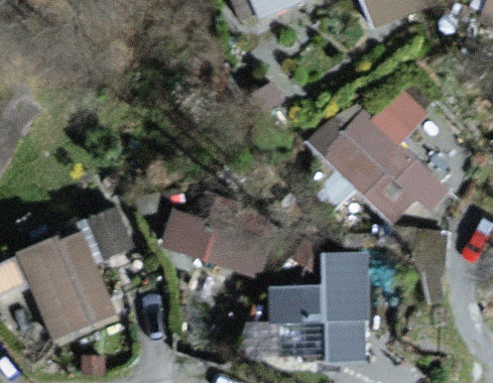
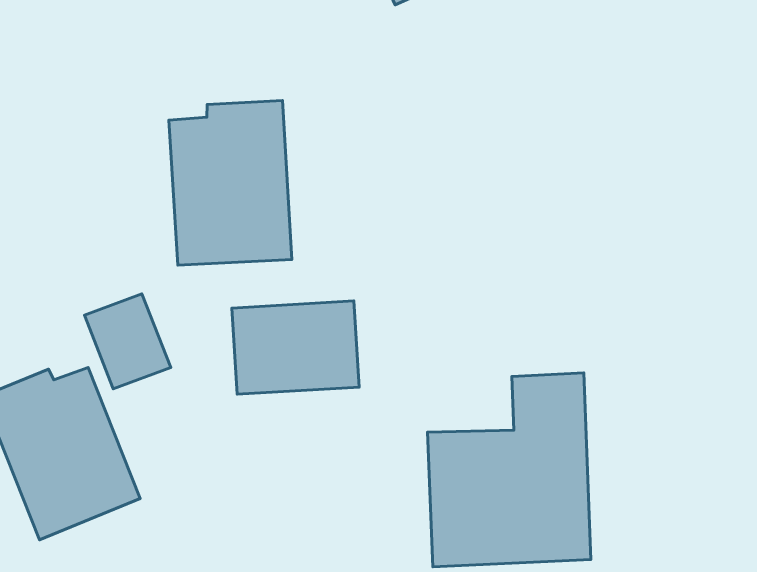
building: none -> [169,101,292,265]
building: [300,95,448,242] -> none

